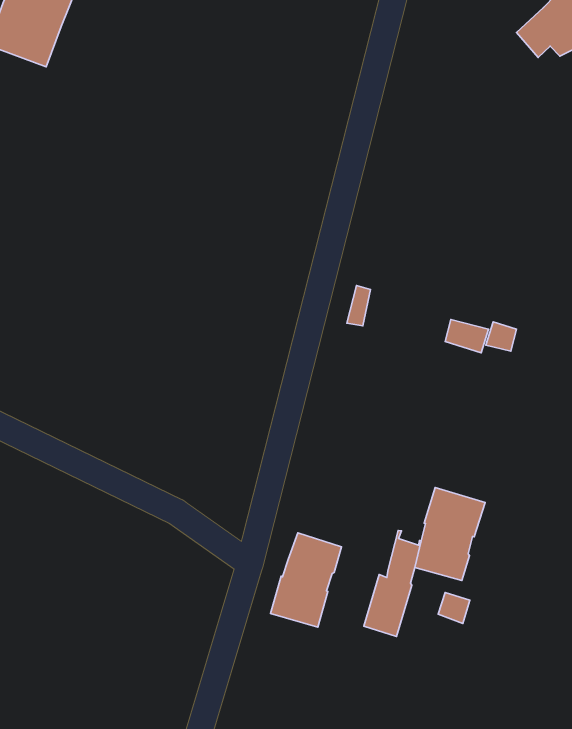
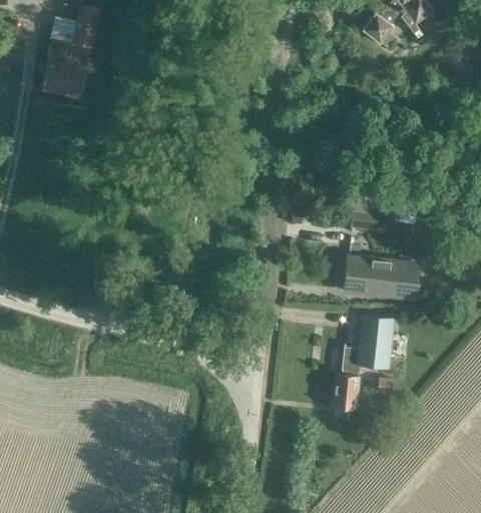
building: none -> [346,254,419,297]
building: [270,533,342,627] -> none

